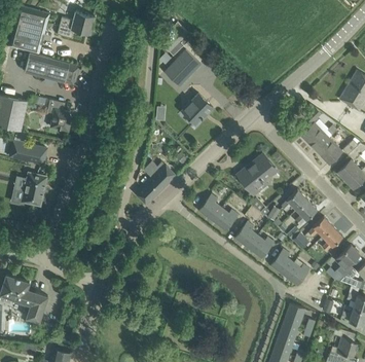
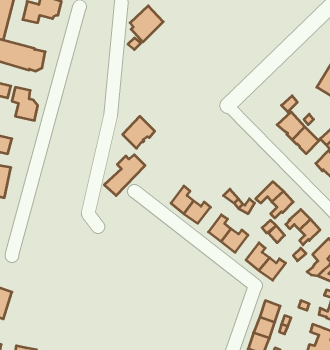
building: [165,50,200,86] -> none
building: [182,94,213,124] -> [123,116,155,148]
building: [236,153,280,191] -> none

